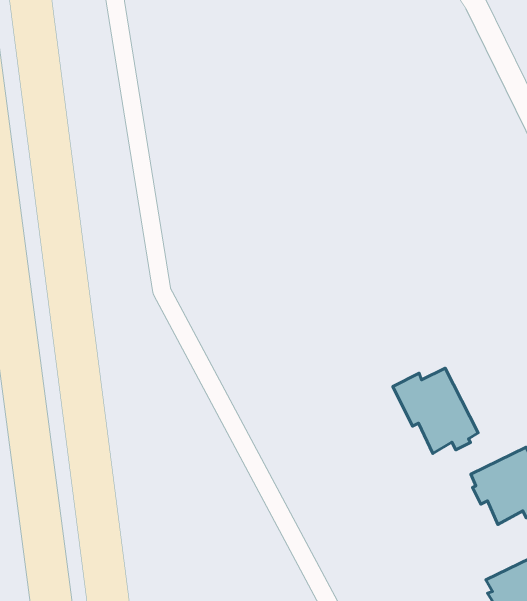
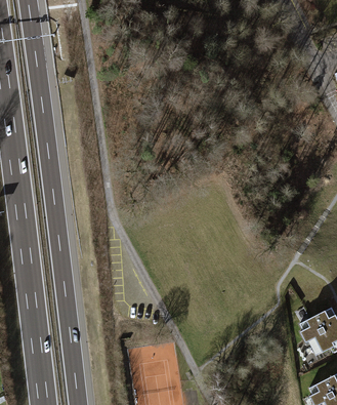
building: [393,368,478,454] -> none

